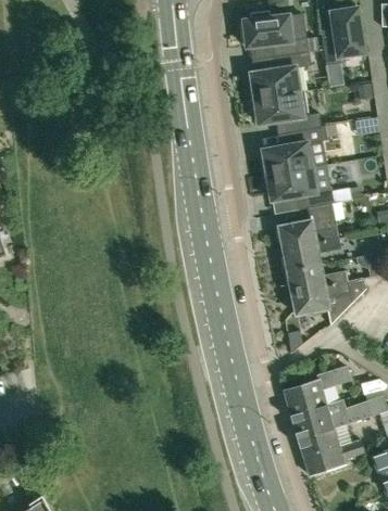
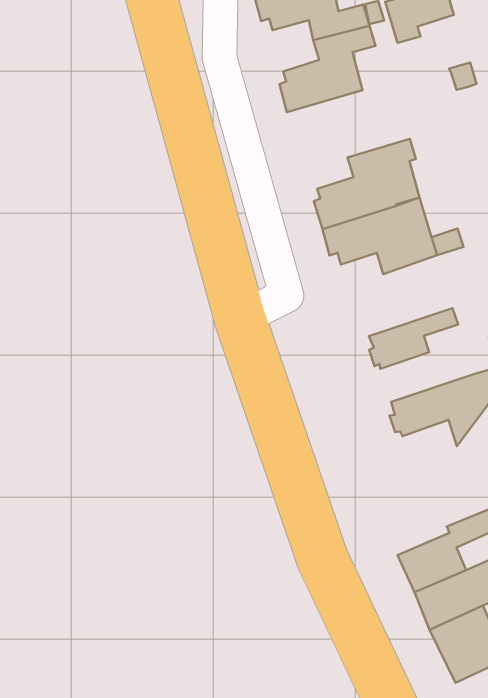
building: [250,92,326,133] -> none
building: [277,220,339,248] -> none
building: [286,264,348,292] -> none

